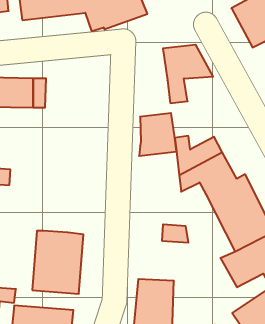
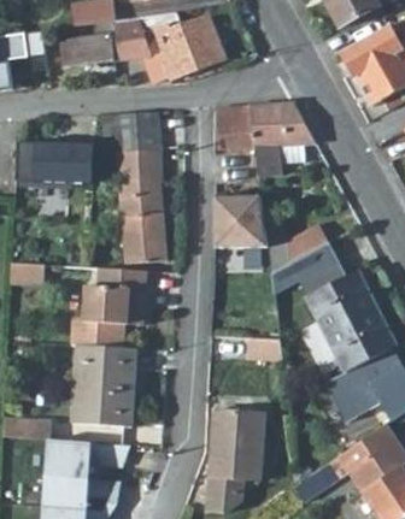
building: none -> [215,105,254,149]
building: none -> [102,110,168,264]
building: none -> [72,269,147,348]

